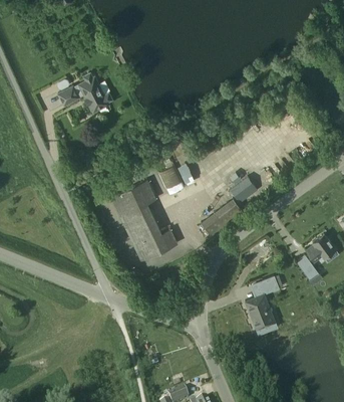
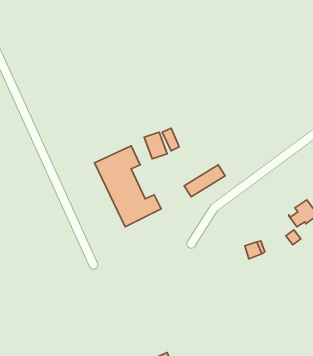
building: [56,72,113,112] -> none
building: [230,176,258,204] -> none
building: [245,293,275,330] -> none

